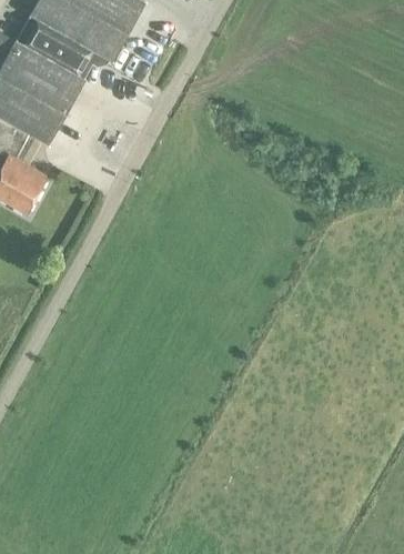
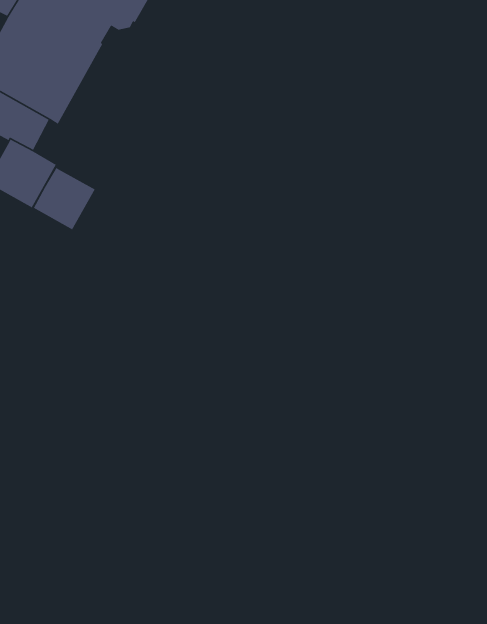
building: none -> [33,167,96,230]

